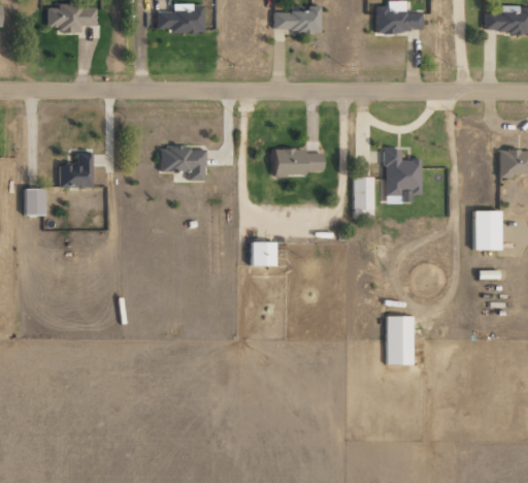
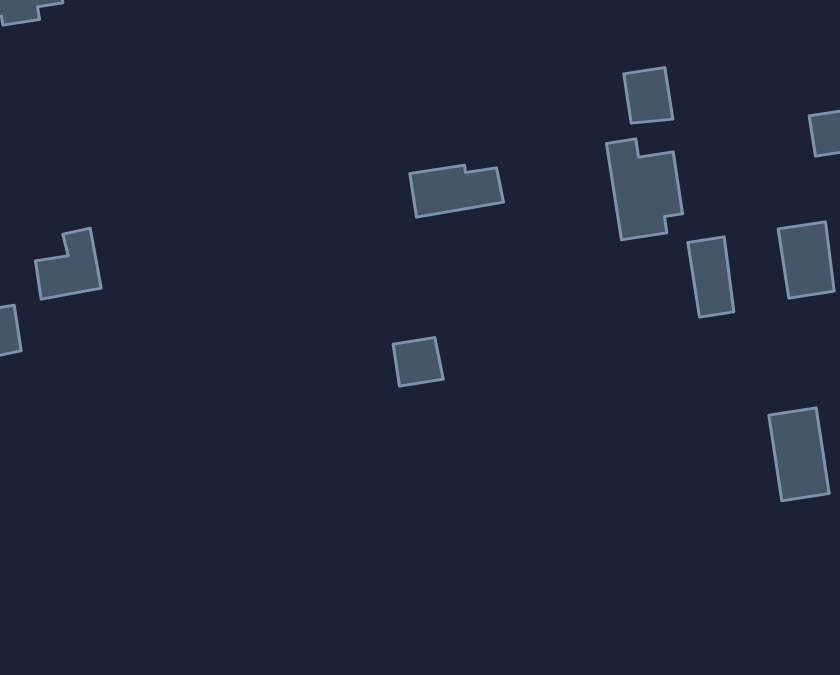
building: none -> [624,67,673,123]
building: [161,147,207,181] -> none
building: [355,176,375,219] -> [688,237,734,317]
building: [387,316,414,364] -> [769,408,829,501]

